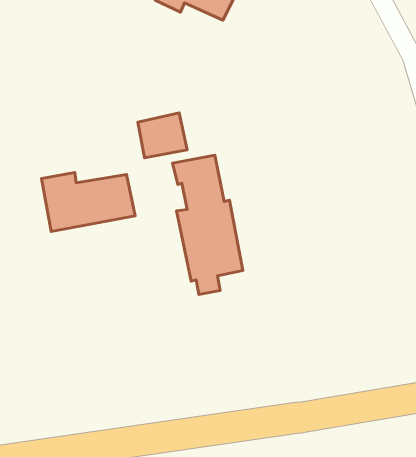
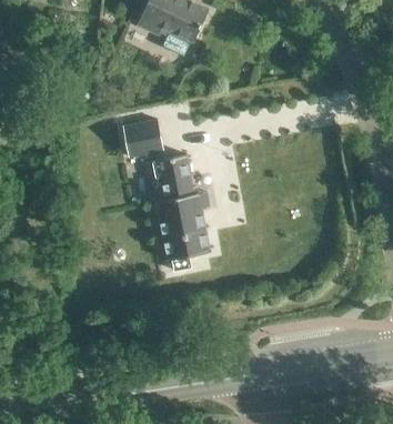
building: [42,173,135,232] -> none

